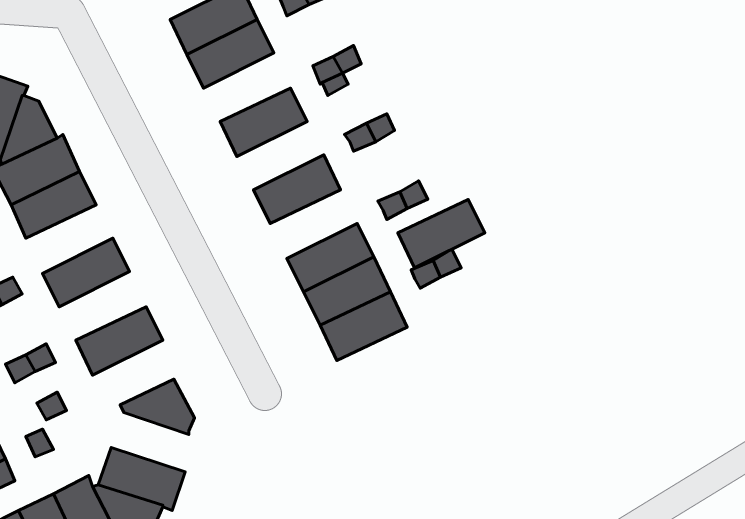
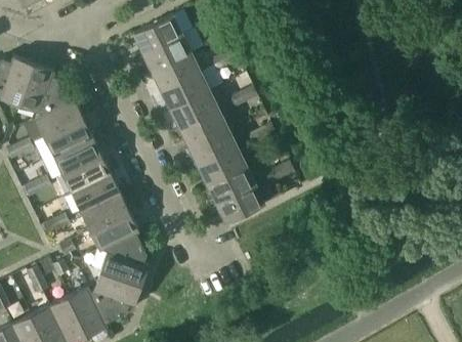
building: none -> [152,53,200,91]
building: none -> [170,91,218,129]
building: [398,199,485,268] -> [188,129,237,167]
building: none -> [53,137,101,175]
building: none -> [72,174,120,212]
building: none -> [90,212,139,251]
building: none -> [100,252,149,285]

